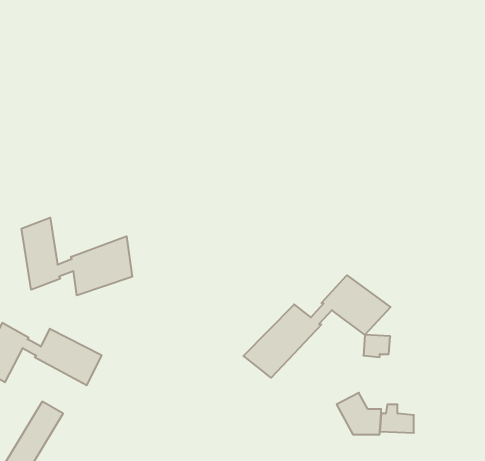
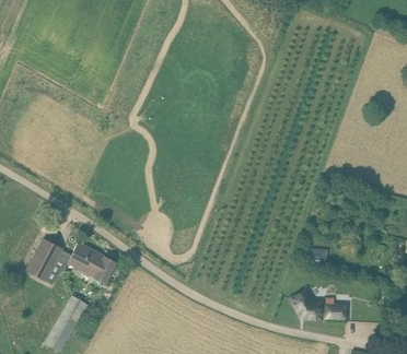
building: [21,218,132,295] -> none
building: [243,275,391,378] -> none

